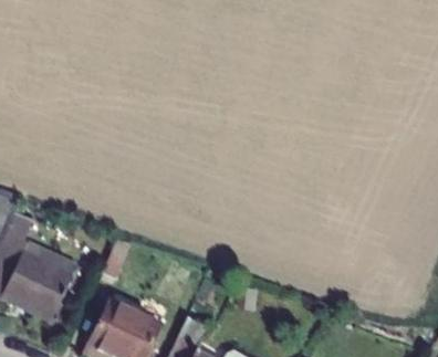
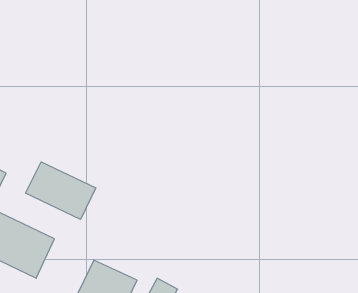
building: none -> [26,162,96,219]

